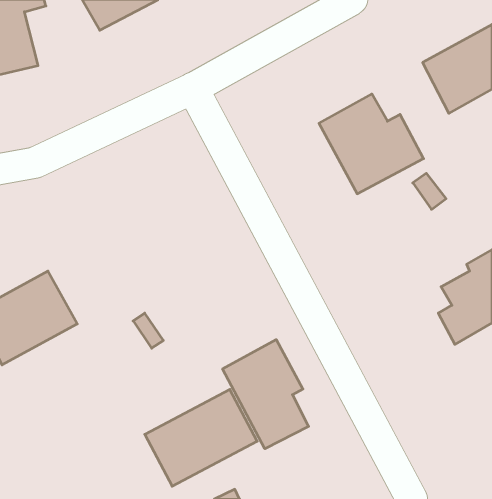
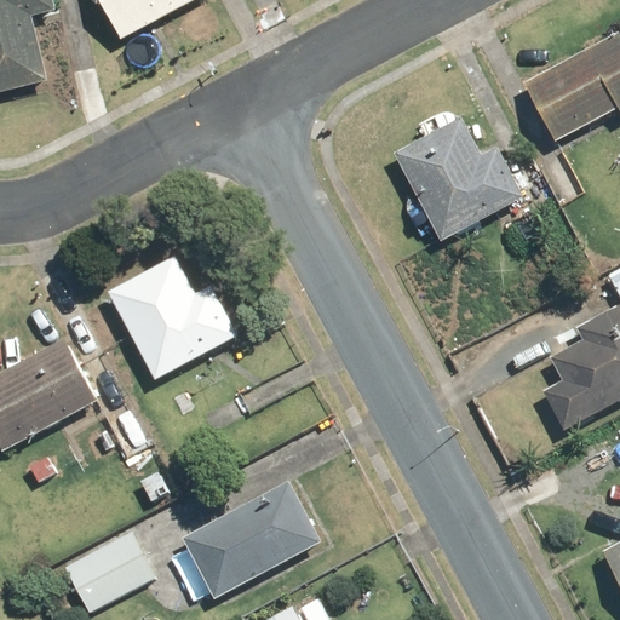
building: none -> [110,245,245,379]
building: [223,340,309,449] -> none
building: none -> [65,532,157,613]

